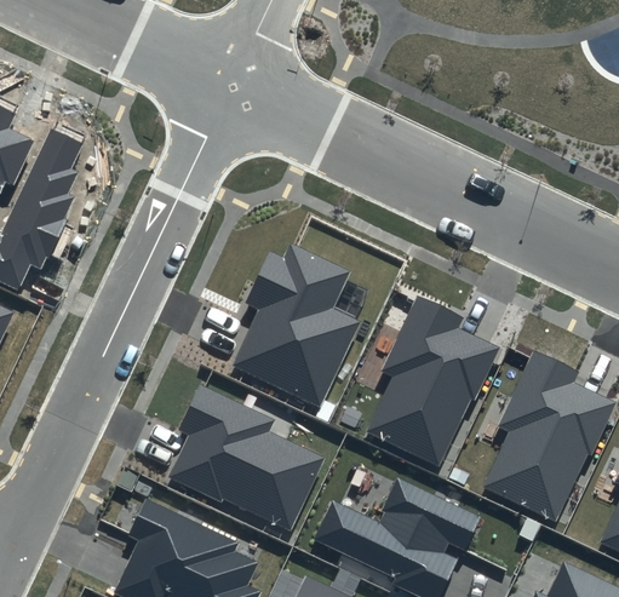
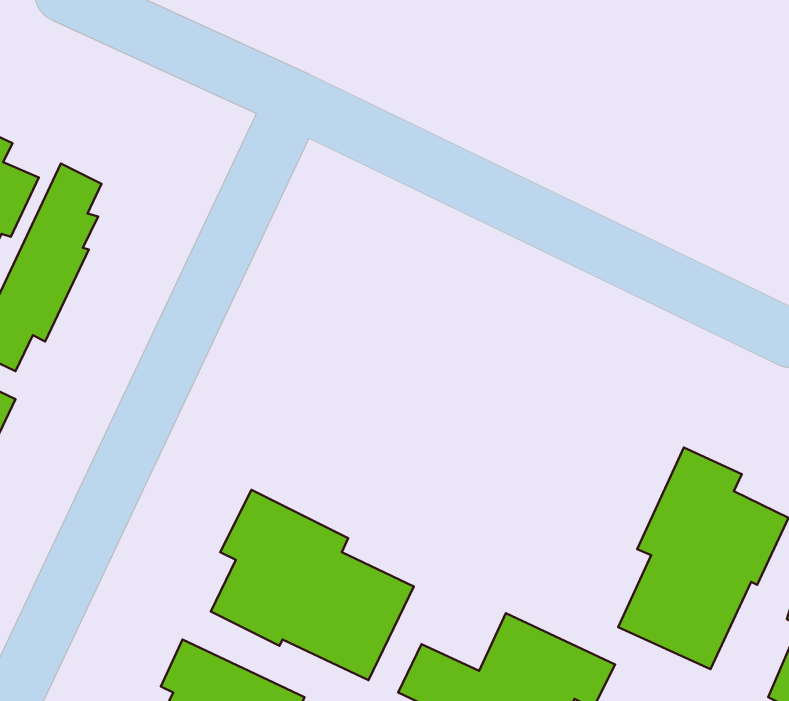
building: [233,245,360,408] -> none
building: [367,297,499,469] -> none

